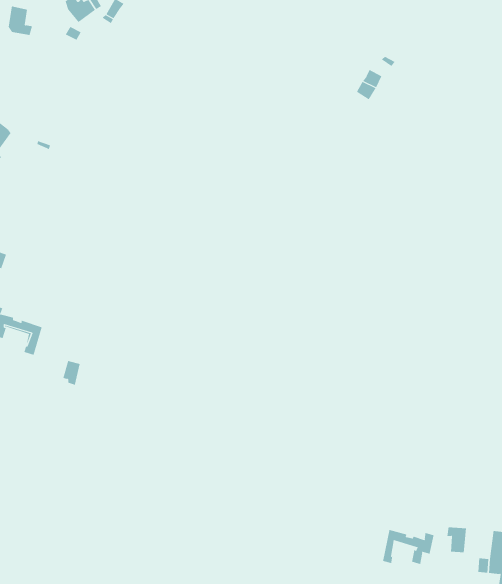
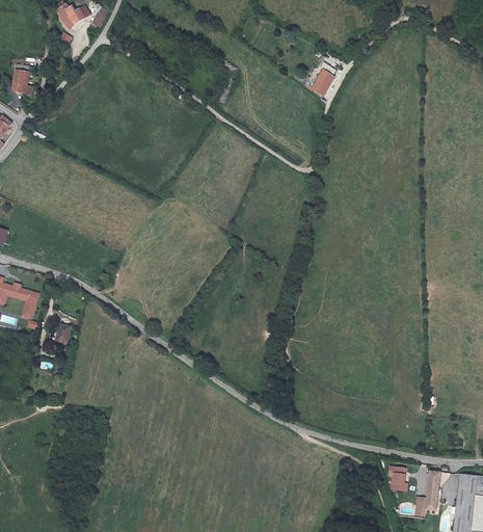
building: [8,6,33,36] -> [11,69,33,95]
building: [382,529,434,565] -> none

